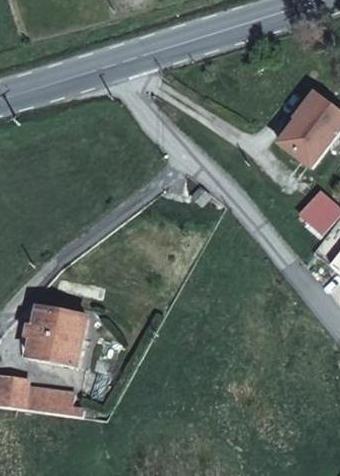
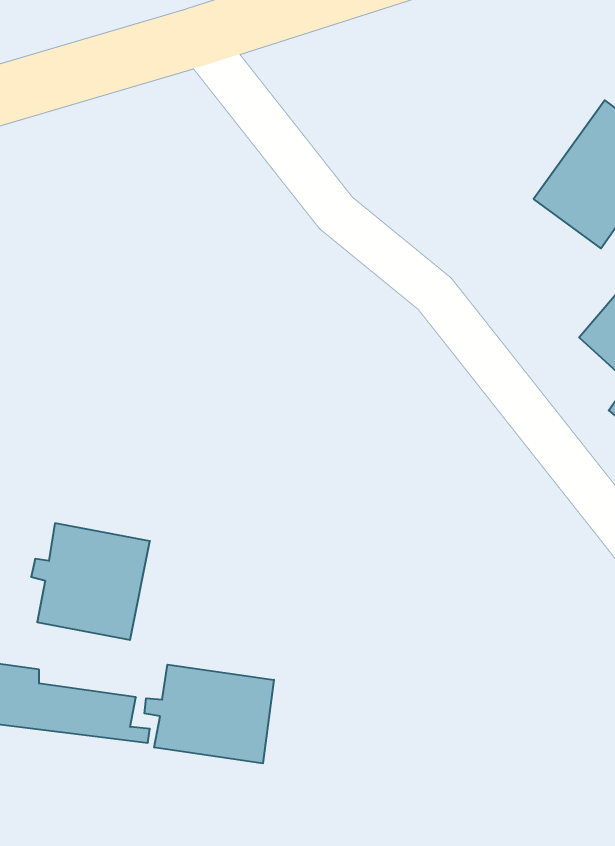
building: none -> [144,665,274,763]

